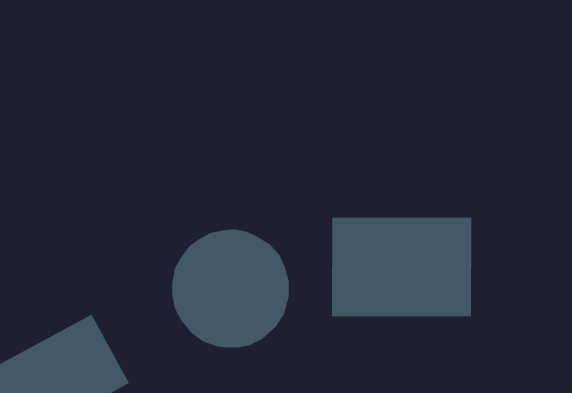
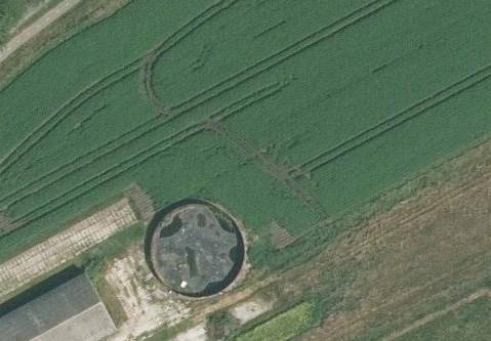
building: [332,217,472,317] -> none

